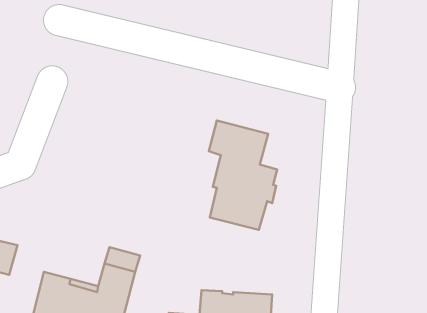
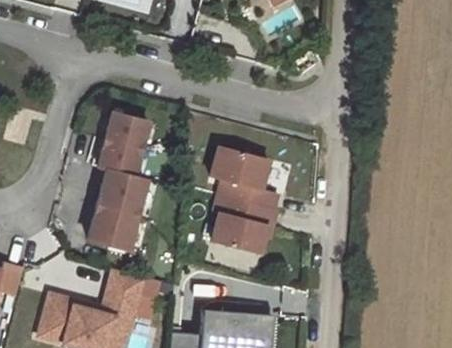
building: none -> [89,113,148,250]

